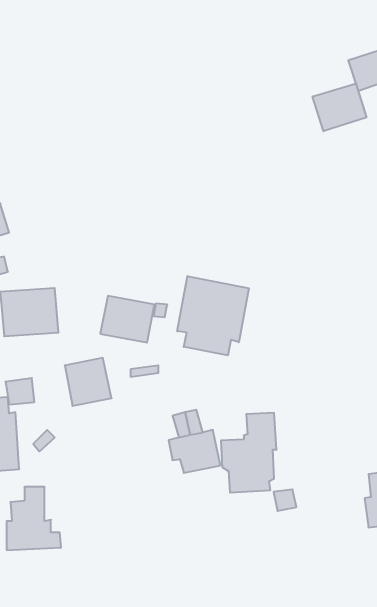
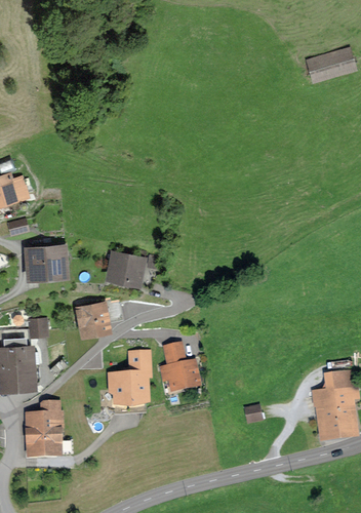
building: [313,84,366,131] -> none
building: [177,276,249,355] -> none
building: [221,413,277,493] -> [107,350,152,415]

